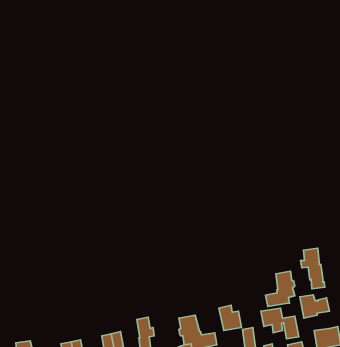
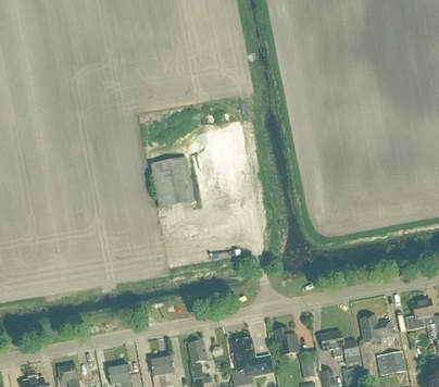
building: none -> [150,157,193,208]
building: [300,248,325,289] -> none
building: [265,271,295,306] -> none

